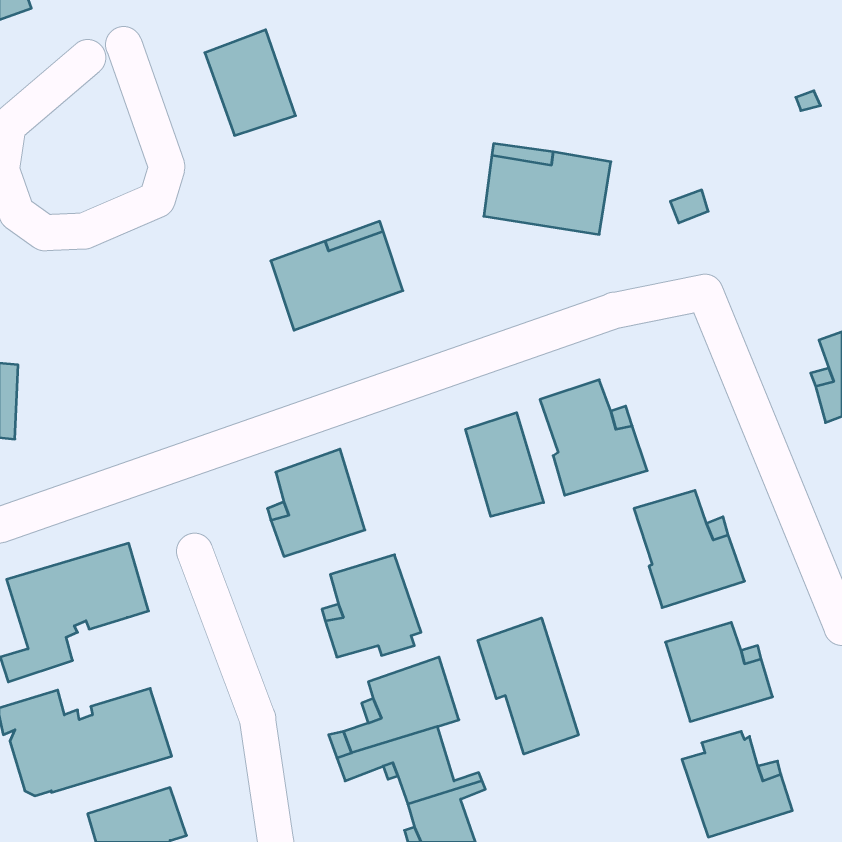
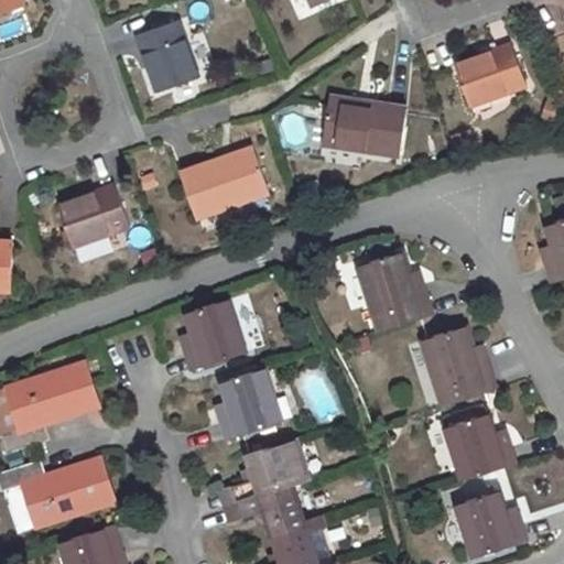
building: none -> [454,45,527,106]
building: none -> [57,186,130,248]
building: [466,413,544,516] -> none
building: [478,618,578,754] -> none

